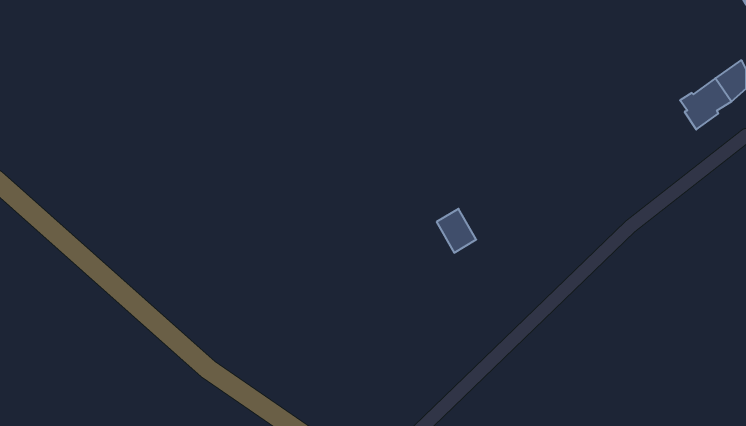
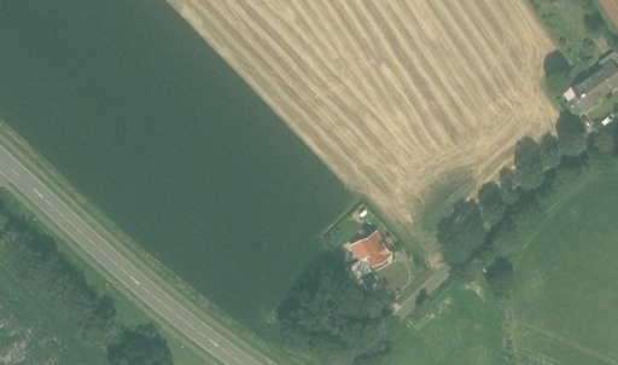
building: [437,209,476,253] -> [357,230,390,266]

